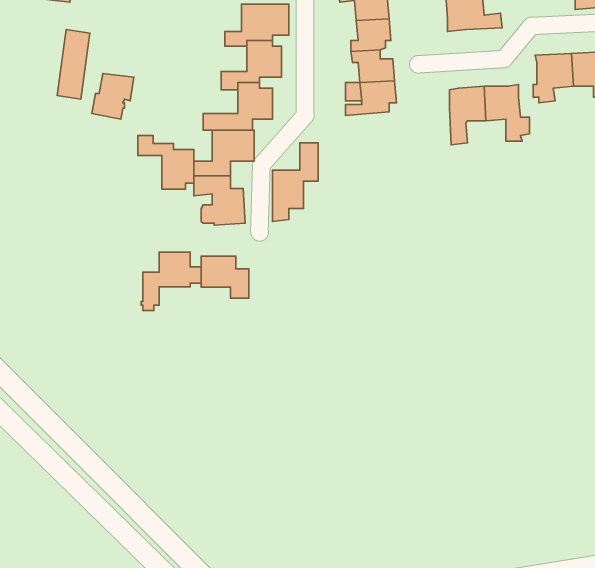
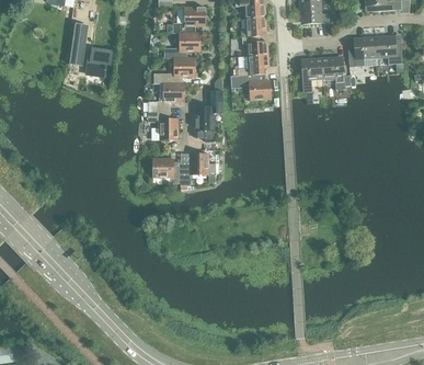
building: none -> [239,71,272,99]
building: [138,135,194,189] -> none
building: [141,252,201,311] -> [180,153,216,189]

